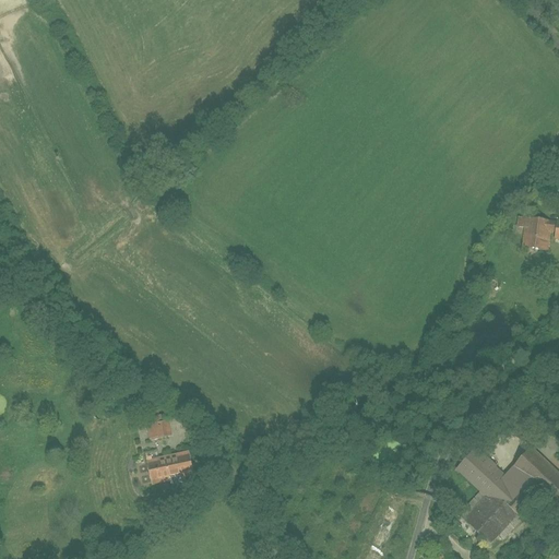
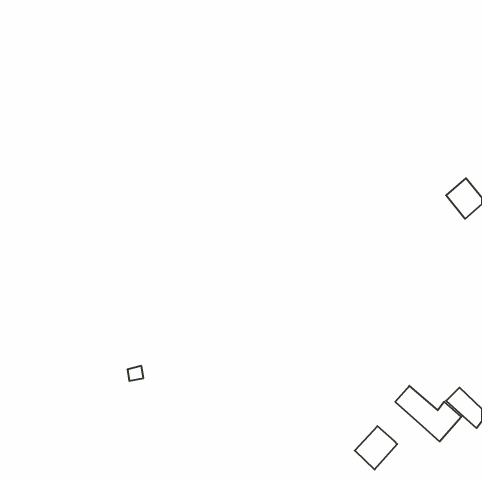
building: [148,451,192,485] -> none
building: [463,493,512,544] -> [355,426,397,470]

